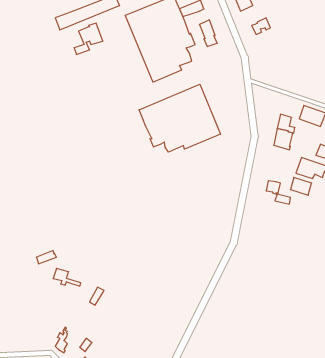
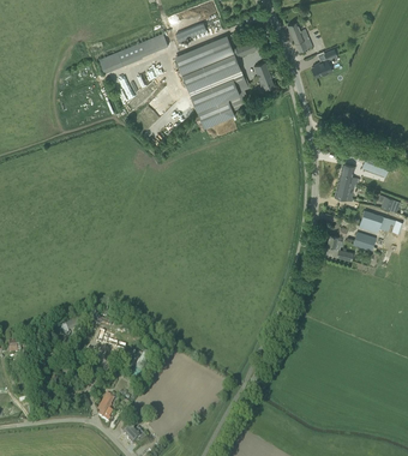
building: [139,84,221,152] -> none

